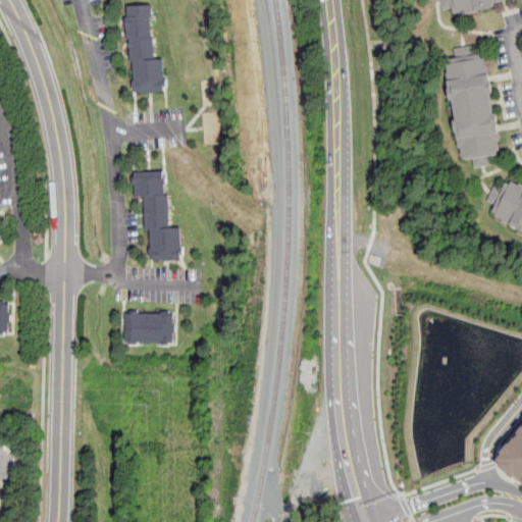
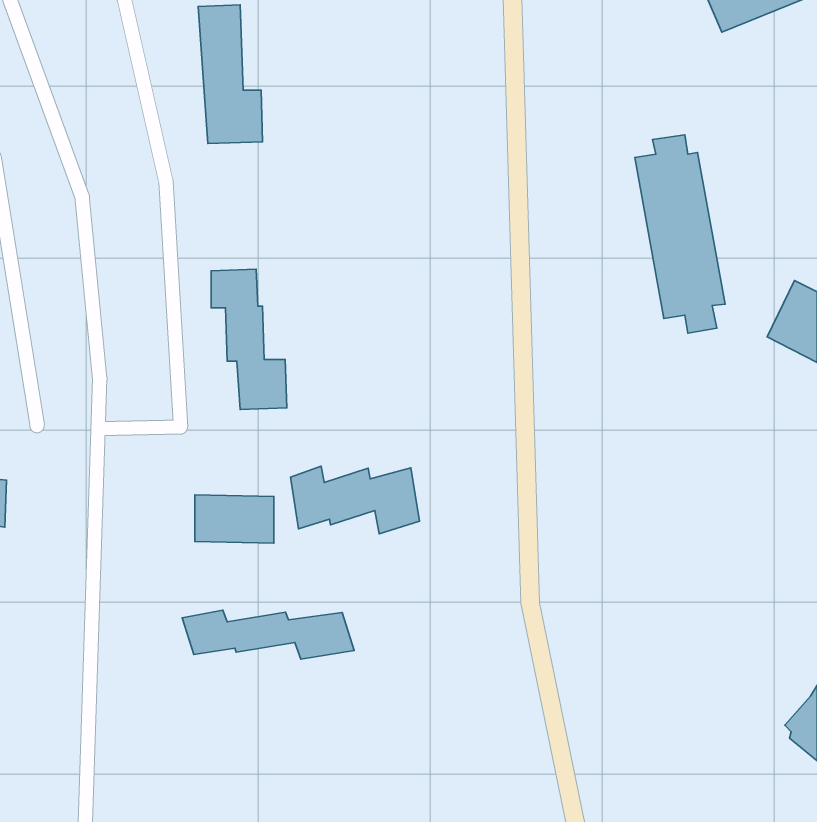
building: [441,43,499,168] -> [635,135,725,333]
building: none -> [290,466,419,534]
building: none -> [182,610,354,659]

